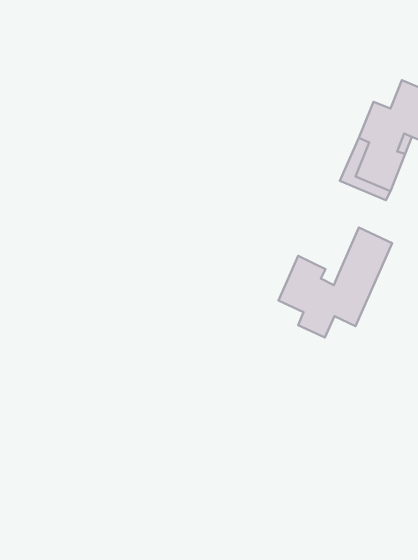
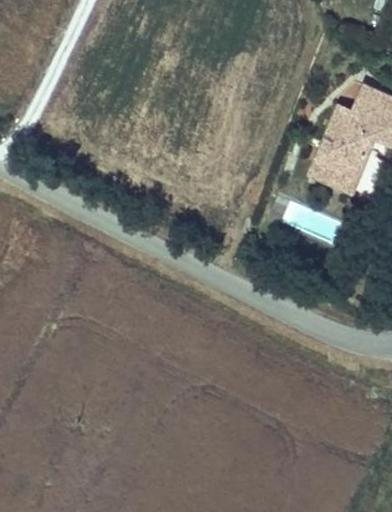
building: [279,228,392,338] -> none

